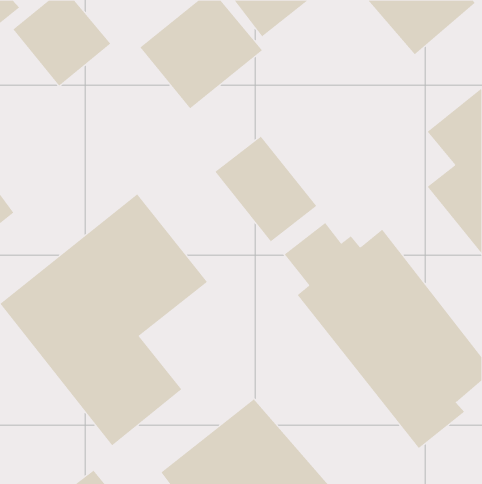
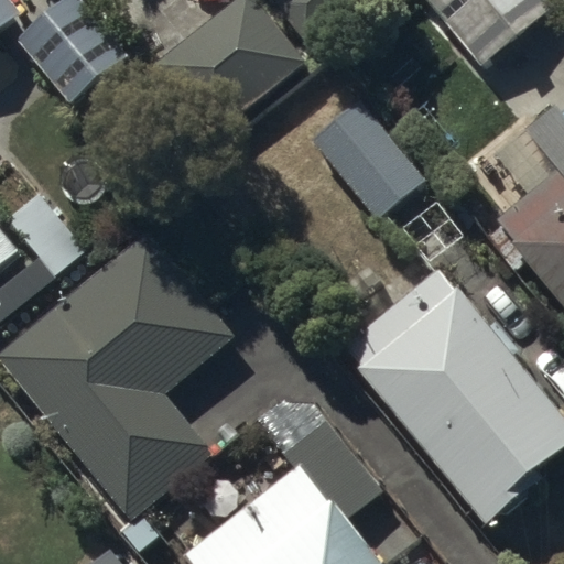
building: [215,136,317,242] -> [312,110,431,234]

